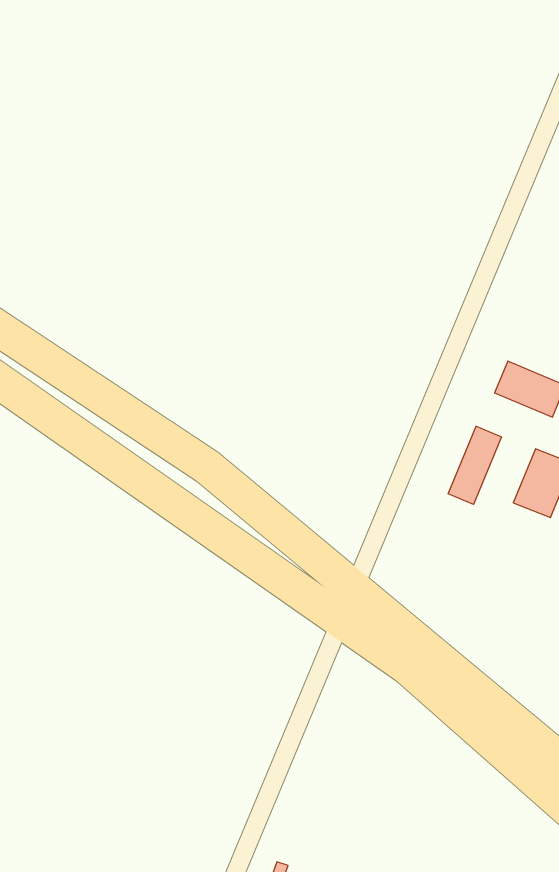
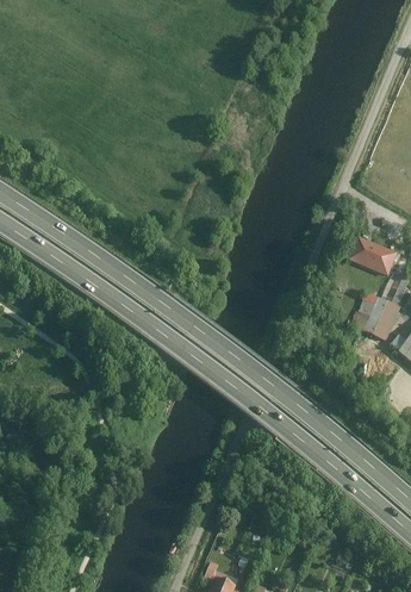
building: [448,426,501,504] -> none

